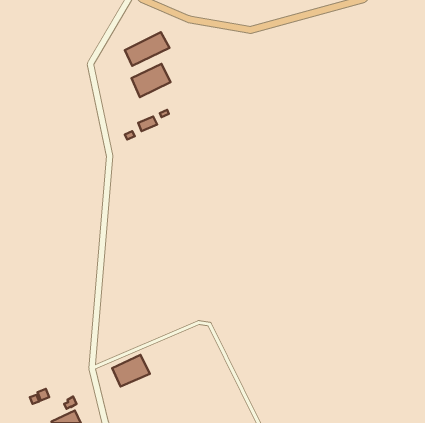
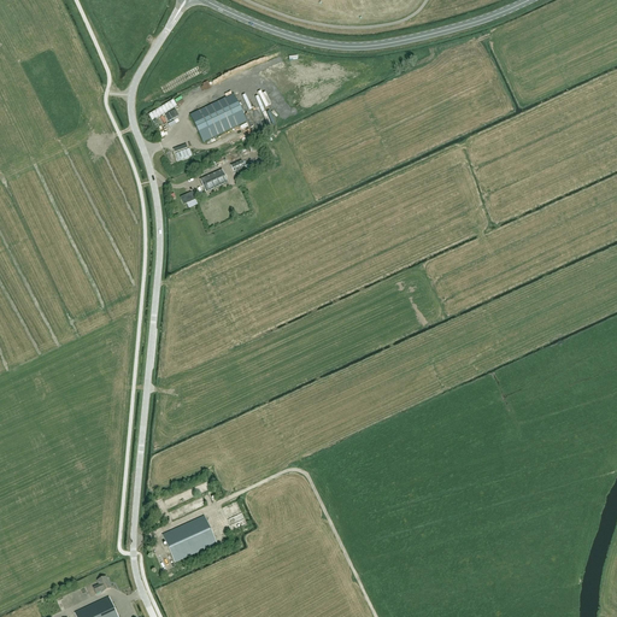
building: [125,32,170,66] -> none

